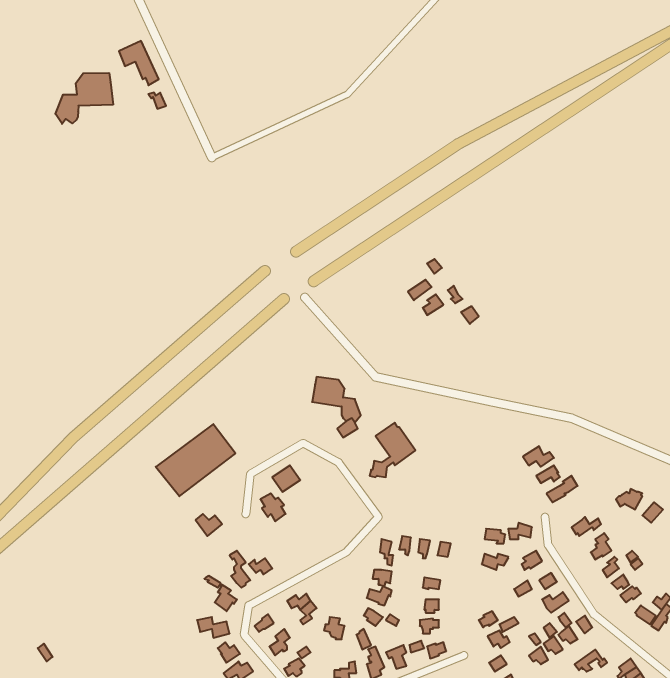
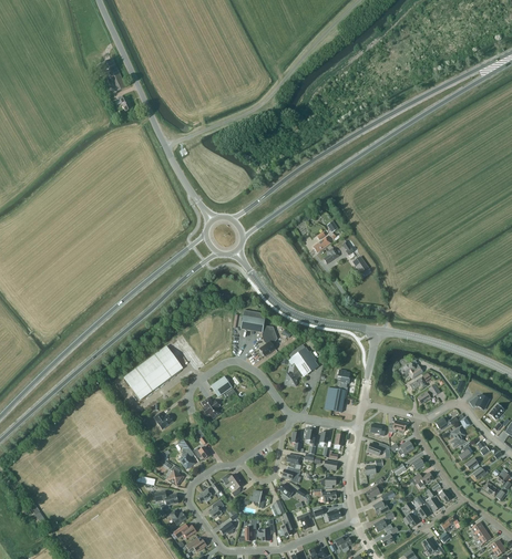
building: [55,73,113,124] -> none
building: none -> [324,370,350,412]

